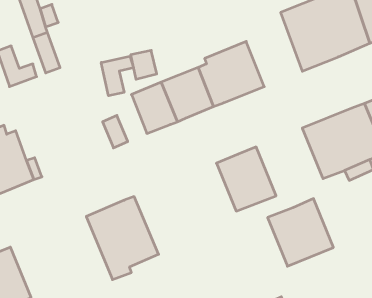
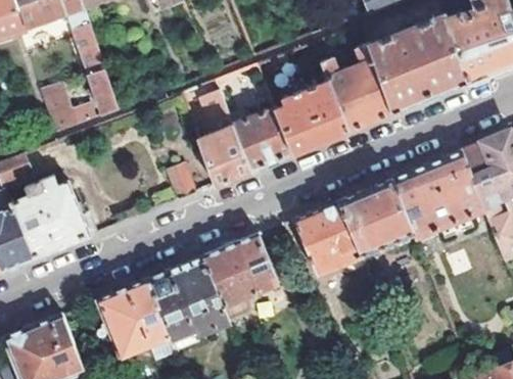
building: none -> [314,40,392,131]
building: [101,56,133,96] -> none
building: none -> [202,233,278,321]
building: [268,199,333,266] -> [340,178,415,254]
building: none -> [97,278,179,361]

